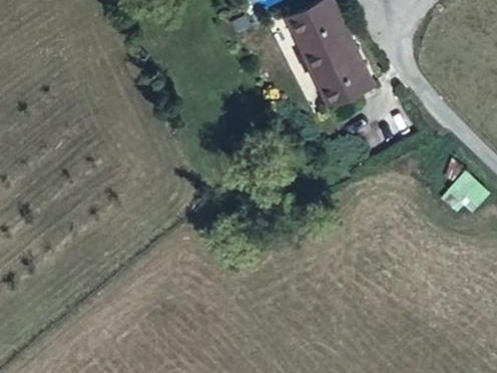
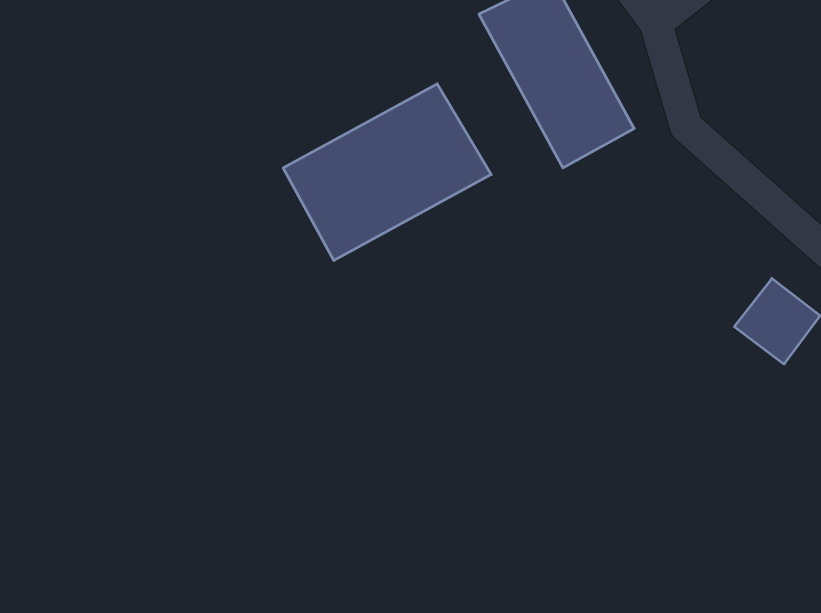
building: none -> [283,84,491,261]

